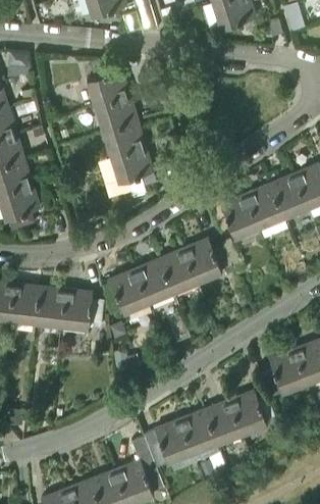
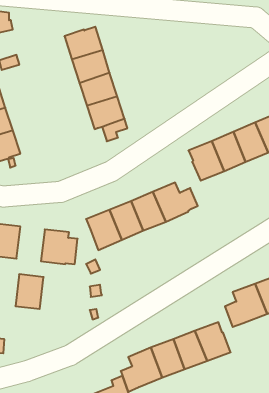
building: [34,288,64,325] -> [15,274,44,309]

